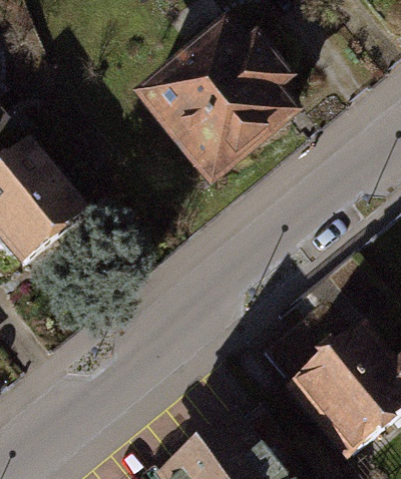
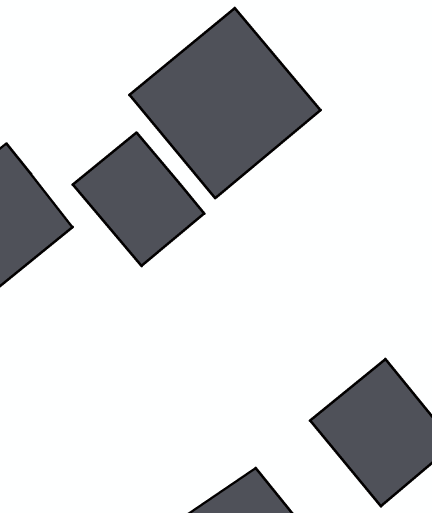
building: none -> [73,133,204,266]

